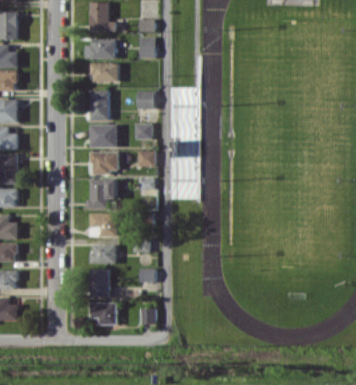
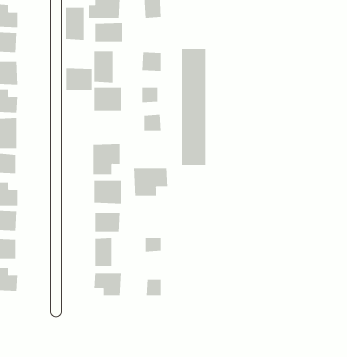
building: none -> [66,7,84,41]
building: [92,151,118,173] -> [65,68,92,91]
building: none -> [134,167,168,196]

